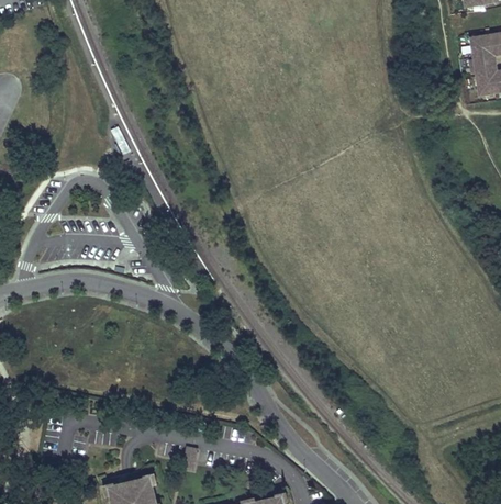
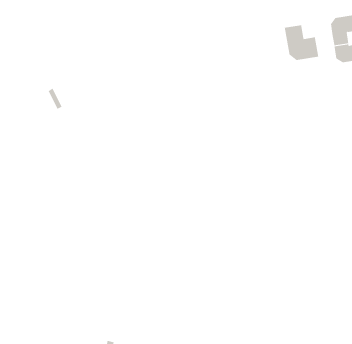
building: none -> [284,24,319,61]

